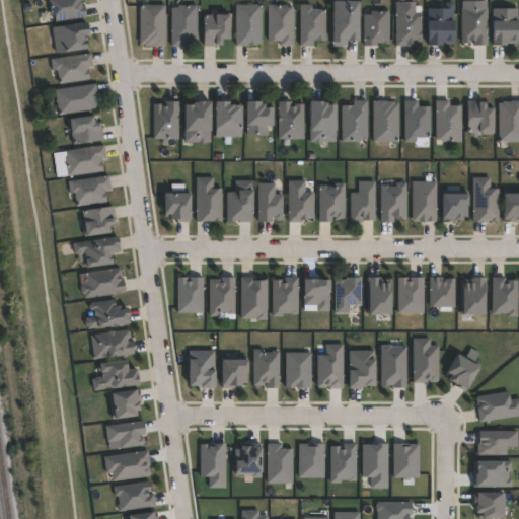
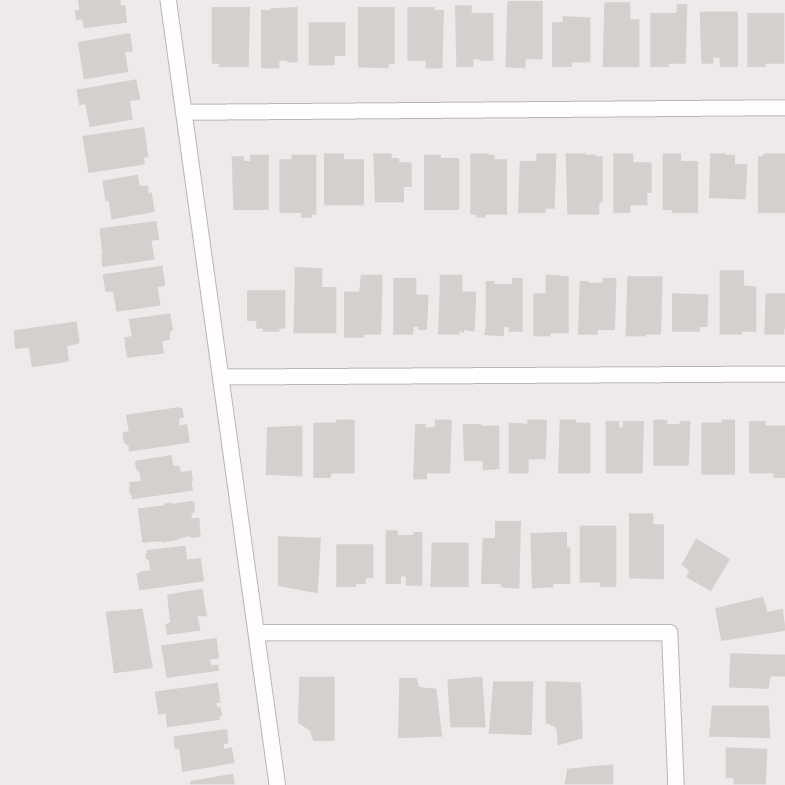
building: [74,236,119,268] -> [13,321,80,368]
building: [241,278,267,318] -> none
building: none -> [105,608,154,674]
building: [389,445,418,483] -> none
building: [229,446,256,479] -> none

